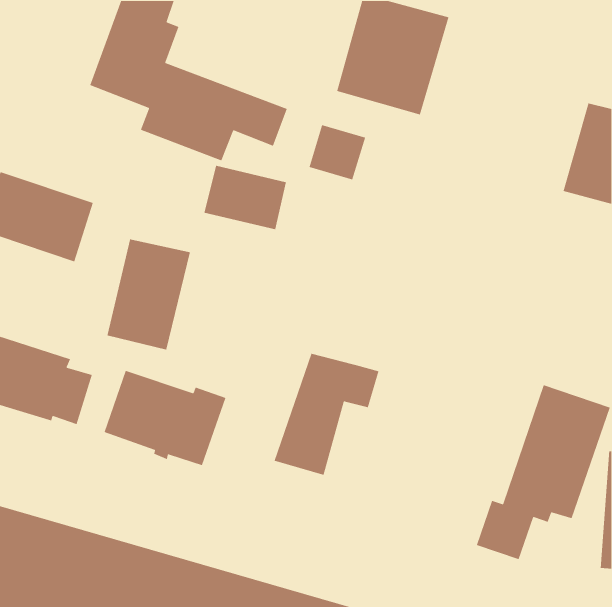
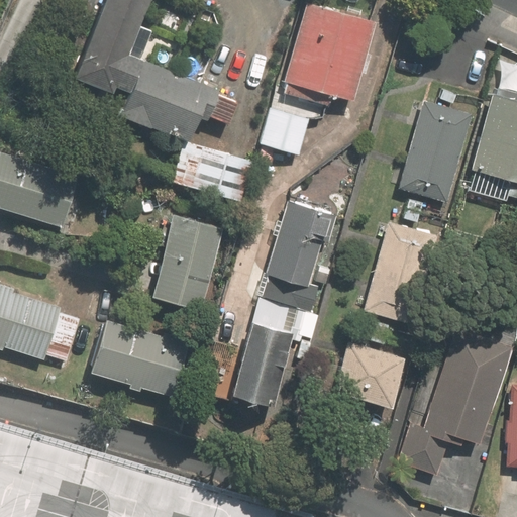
building: none -> [397,102,473,204]
building: none -> [261,202,337,314]
building: [107,238,191,350] -> [151,217,222,311]
building: none -> [363,225,437,327]
building: none -> [336,344,404,406]

